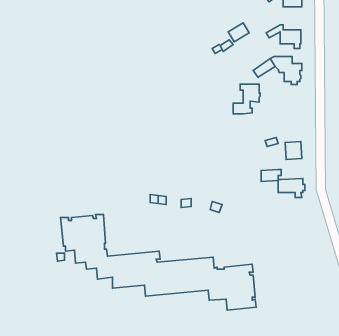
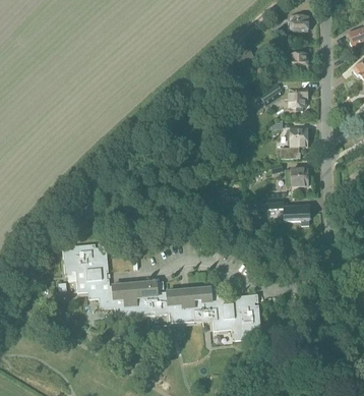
building: [233,84,260,114] -> [281,127,308,158]

